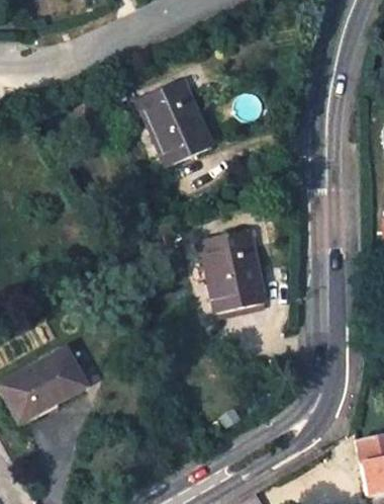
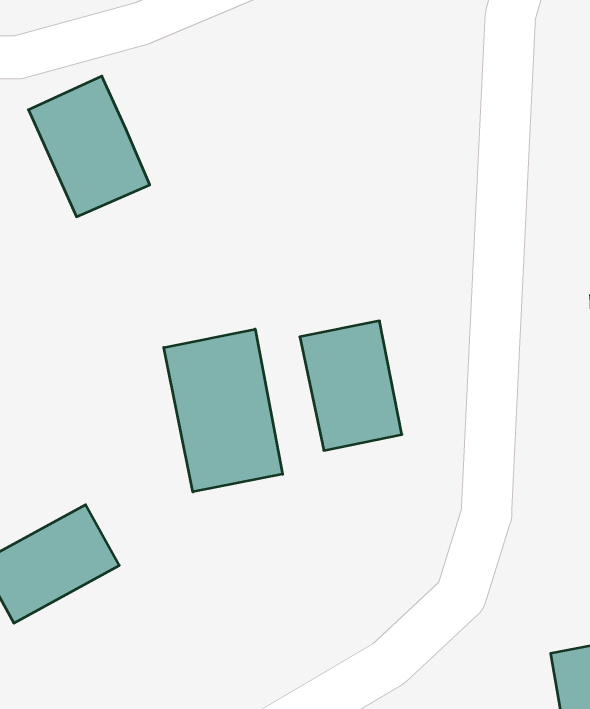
building: [136,77,213,166] -> [28,76,150,217]
building: none -> [164,329,283,492]

